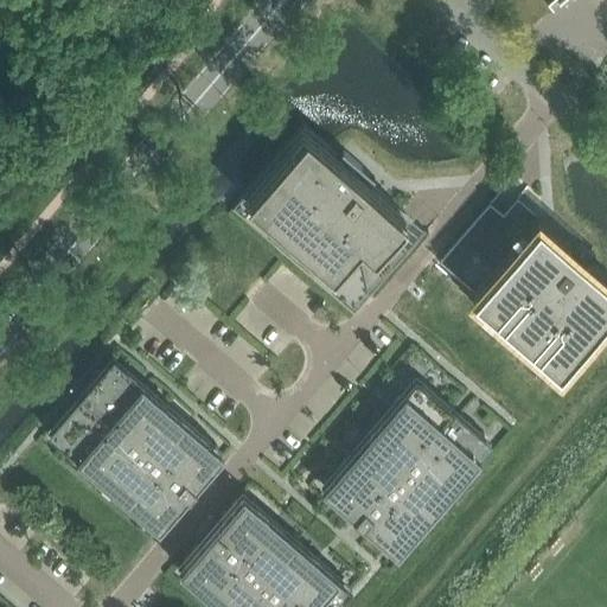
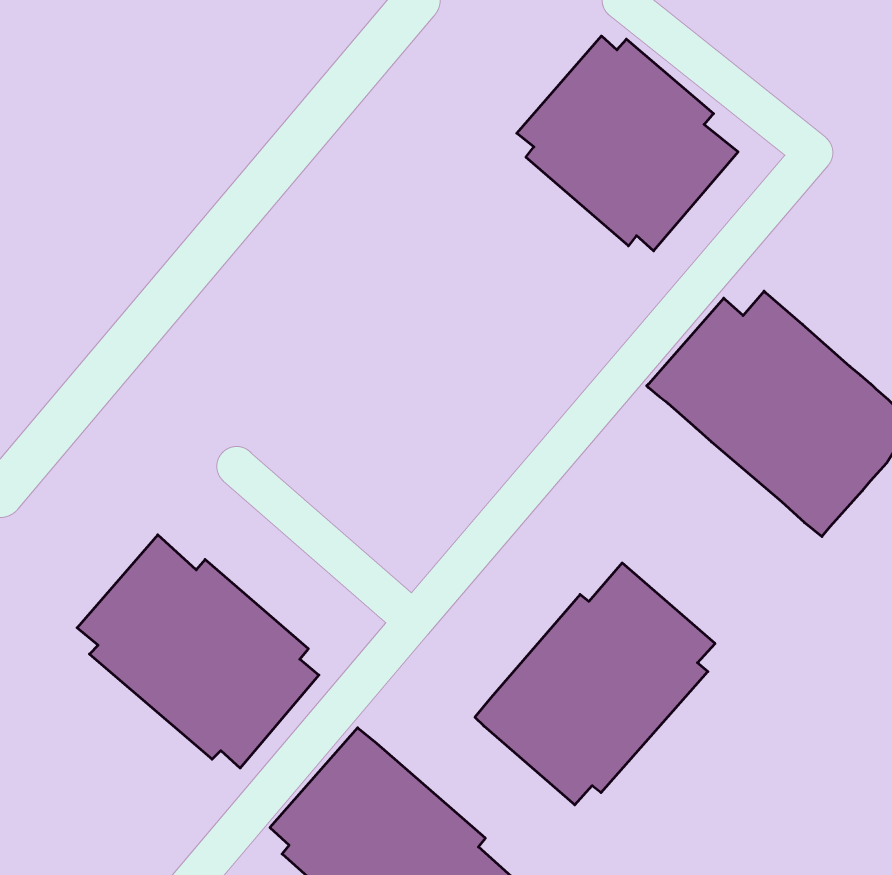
building: none -> [517,36,738,251]
building: [234,140,428,328] -> none

